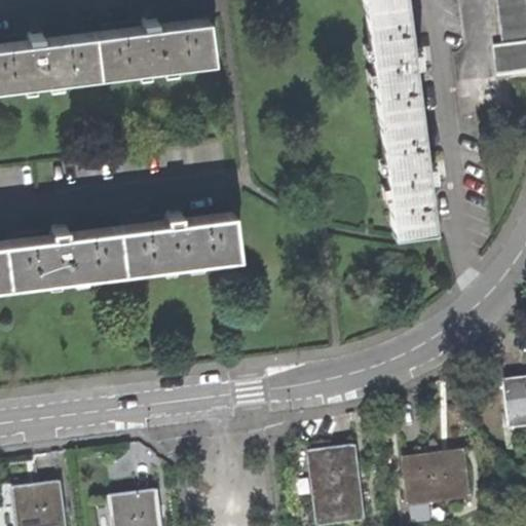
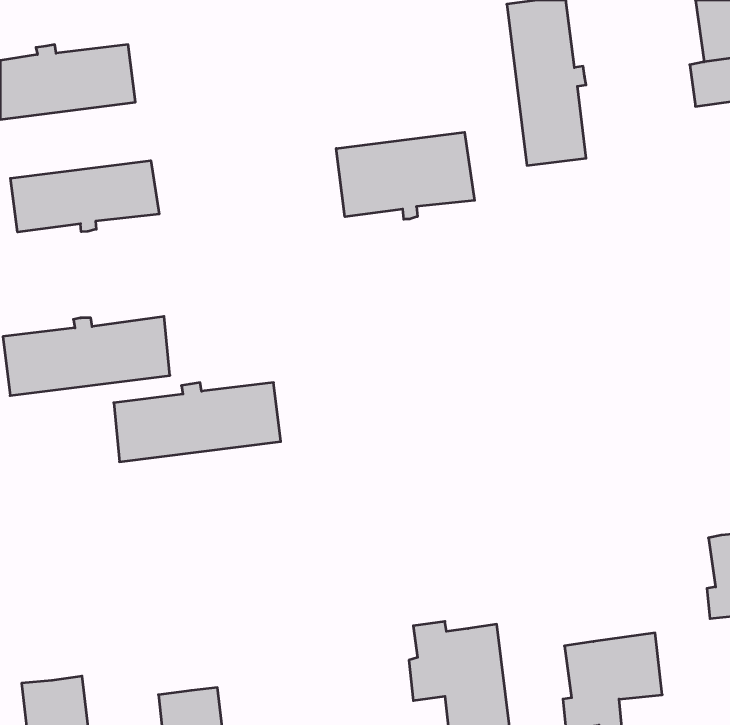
building: [96,24,216,80] -> none
building: none -> [336,132,475,219]
building: [380,120,438,240] -> none
building: none -> [10,161,159,232]
building: [121,219,240,275] -> [114,383,281,462]

